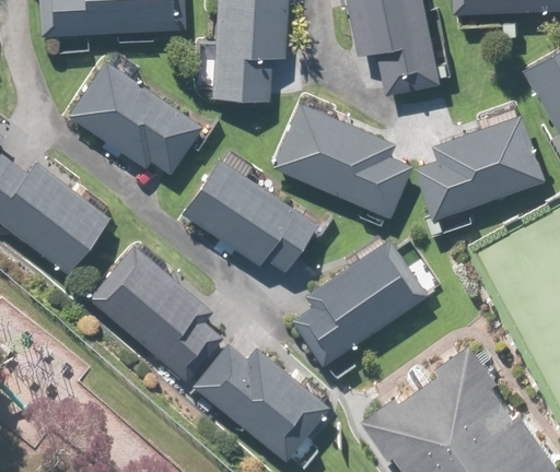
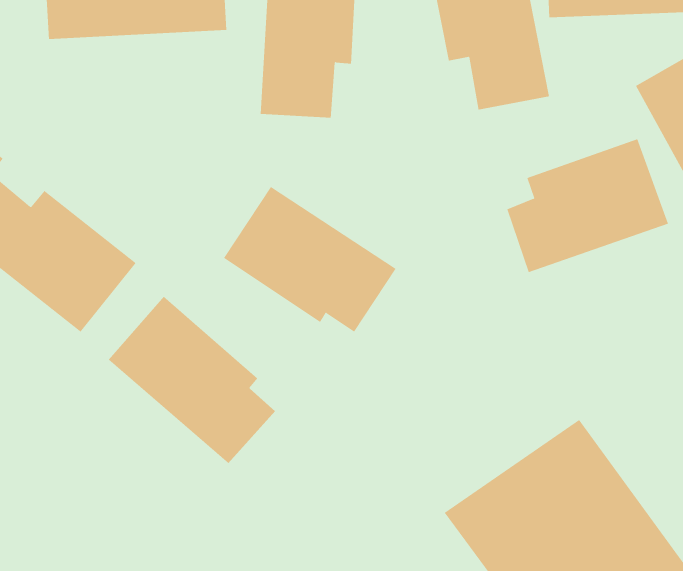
building: [68,60,203,175] -> none
building: [271,103,412,220] -> none
building: [289,239,425,368] -> none
building: [190,341,331,462] -> none

